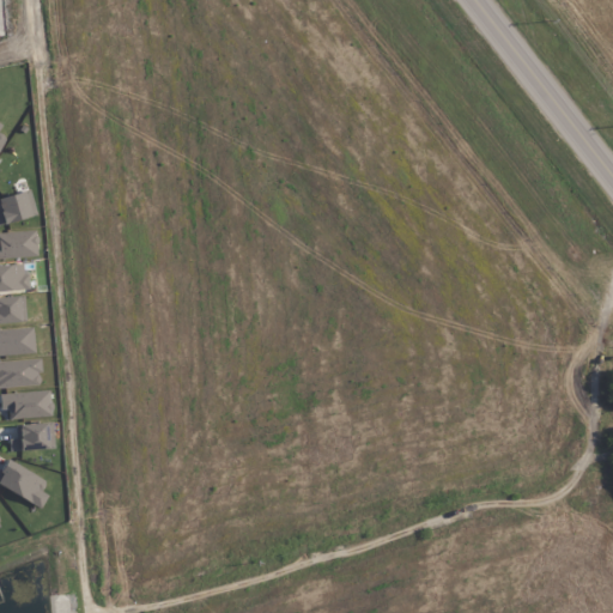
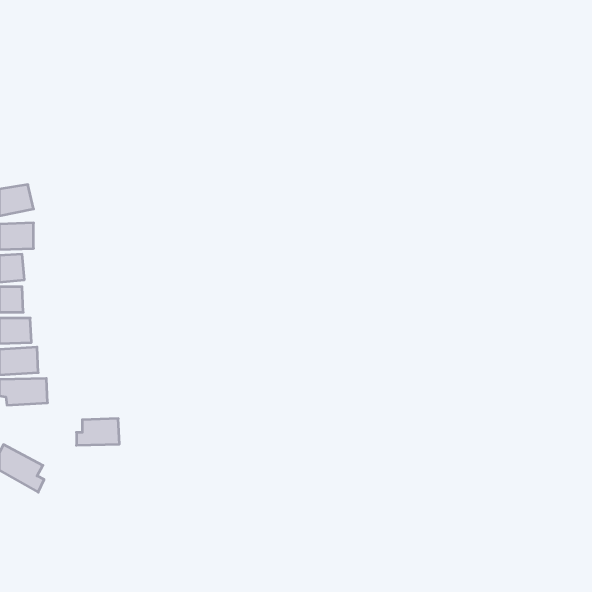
building: [7,423,51,450] -> [76,419,119,445]

